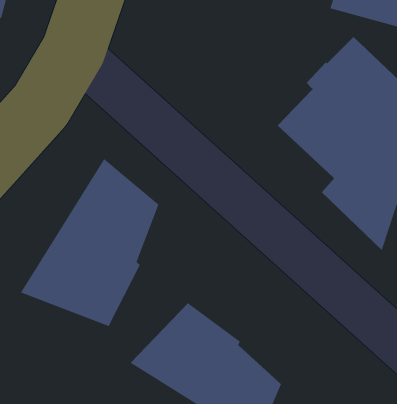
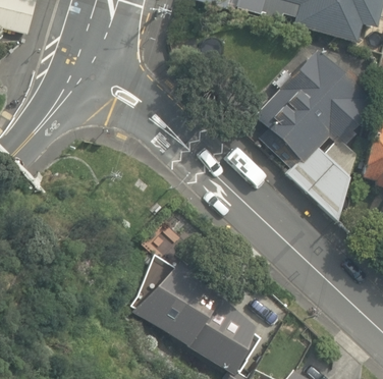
building: [20,158,159,327] -> none

